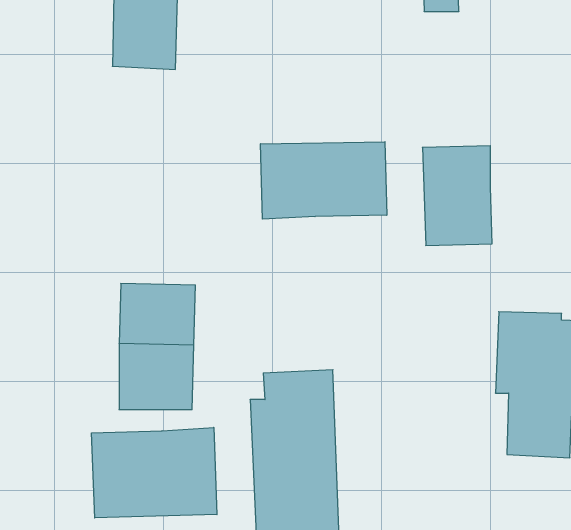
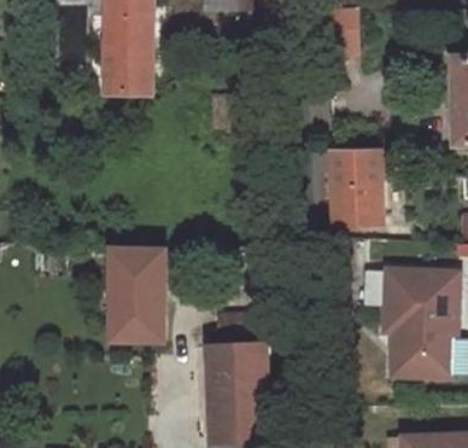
building: [261,142,387,219] -> none
building: [92,427,217,518] -> none

